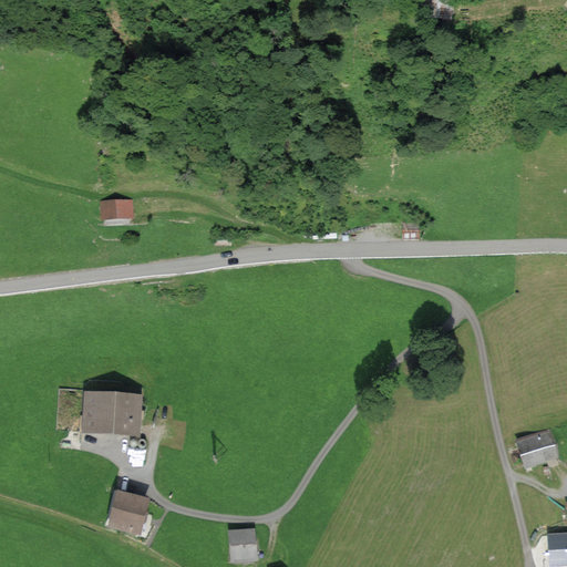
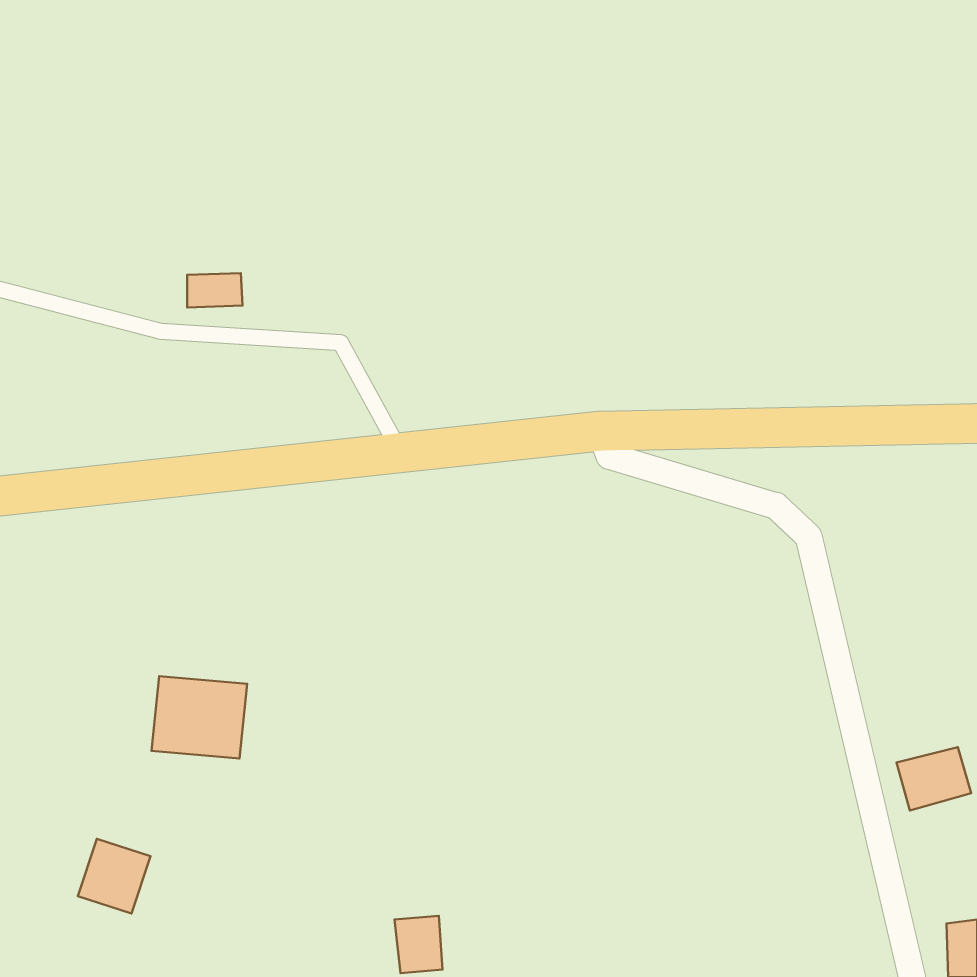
building: [100,198,132,218] -> [187,273,243,308]
building: [106,488,148,532] -> [78,839,151,914]

